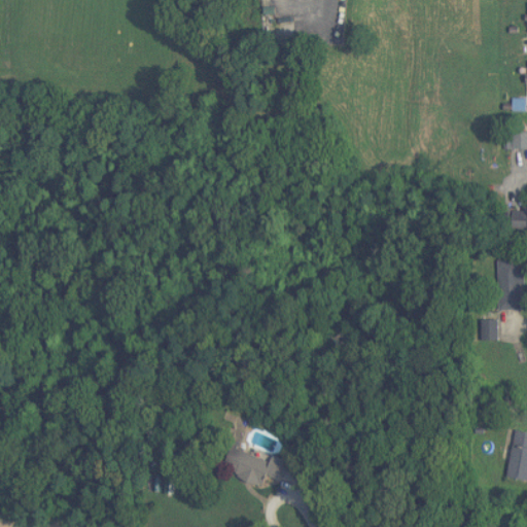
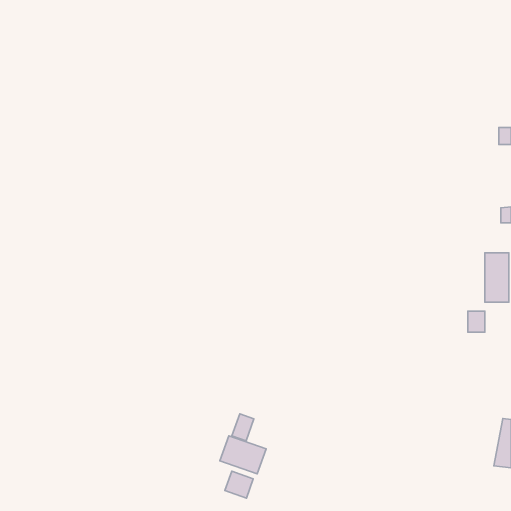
building: none -> [232,414,254,441]
building: none -> [225,471,253,498]

